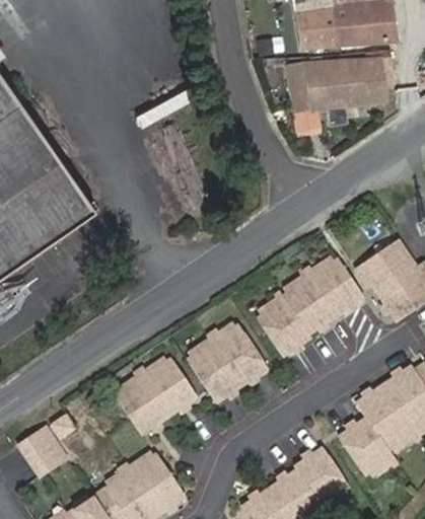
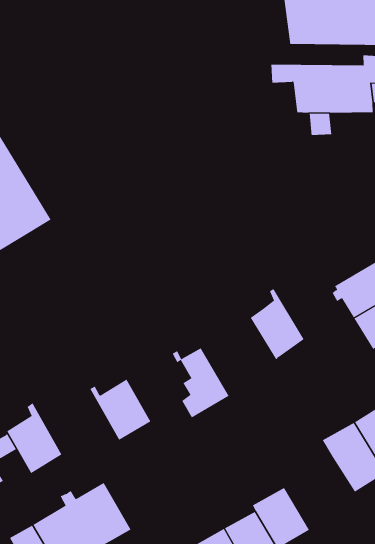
building: [289,79,315,126] -> none
building: [302,256,361,312] -> none
building: [257,293,311,357] -> none
building: [188,332,234,402] -> none
building: [118,369,169,434] -> [7,403,62,474]
building: [338,419,396,474] -> none

